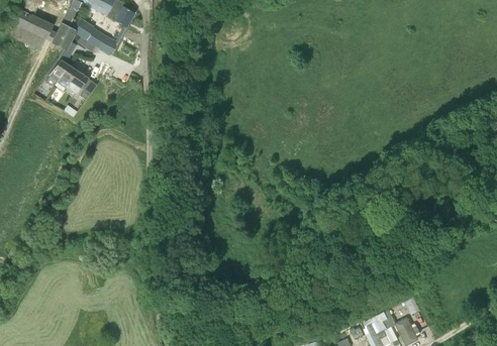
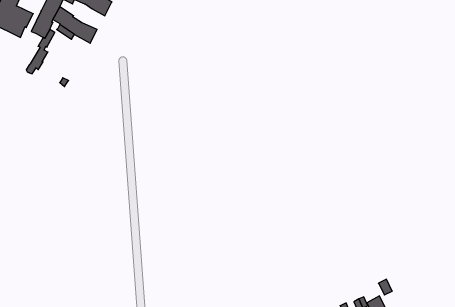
building: [57,65,84,92] -> none

